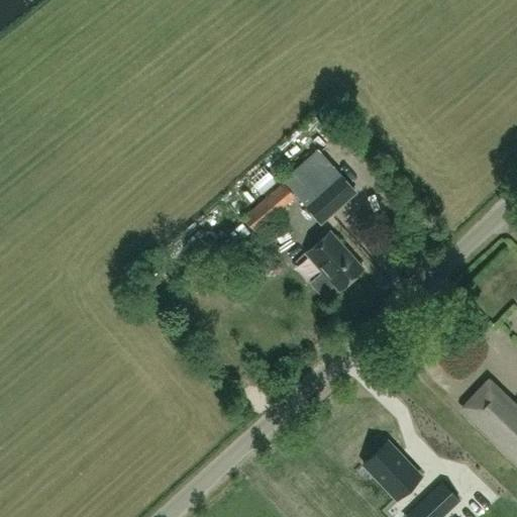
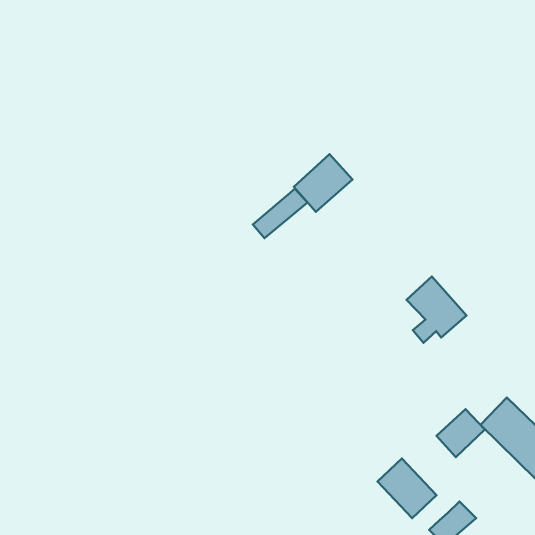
building: [305,174,356,223] -> none
building: [306,231,364,295] -> [407,277,466,343]
building: none -> [437,409,485,457]

